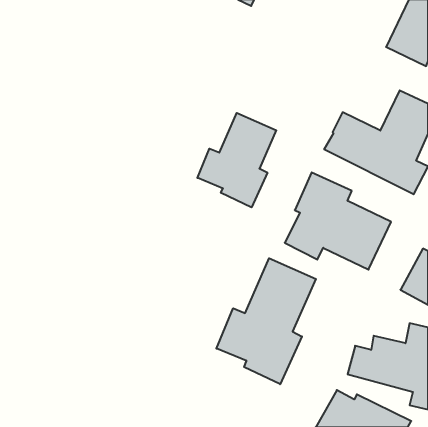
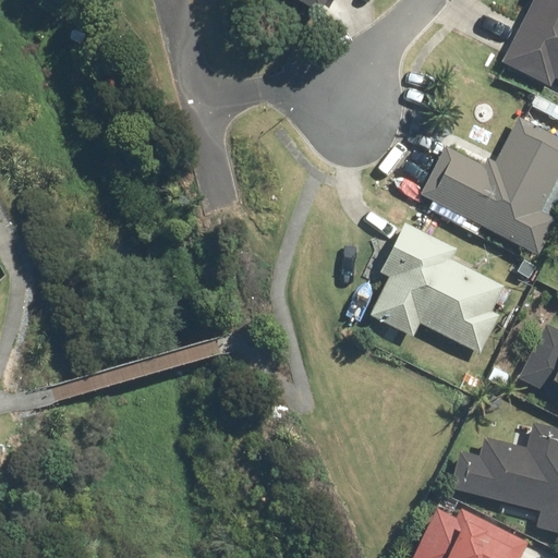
building: [197,113,276,207] -> none
building: [216,258,316,384] -> none

